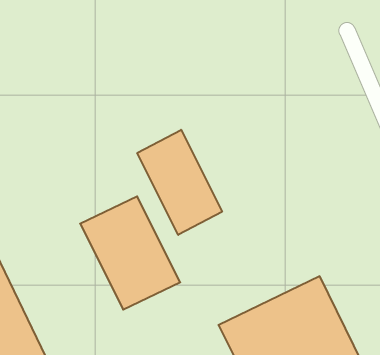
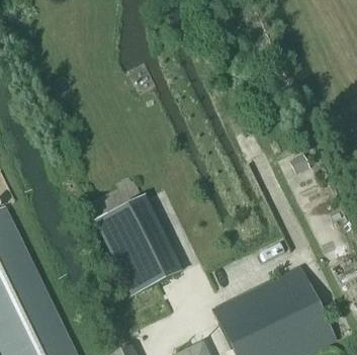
building: [137,130,222,235] -> none

